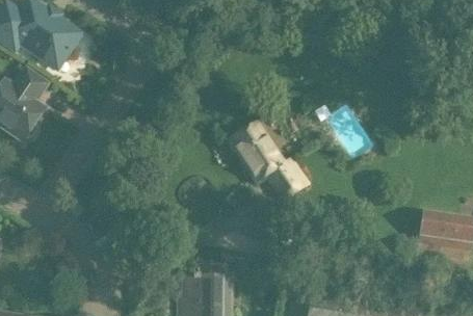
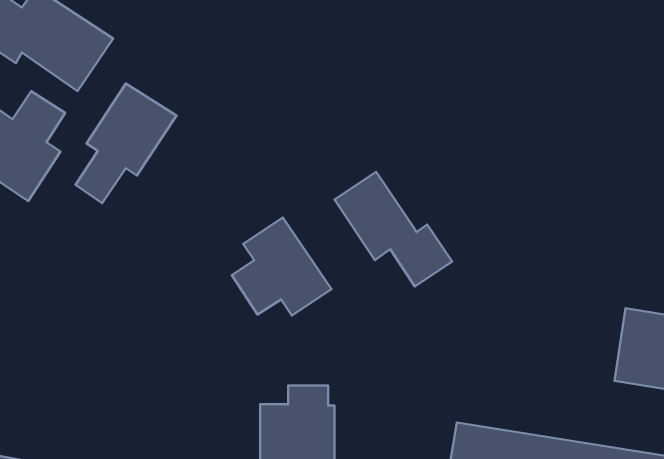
building: none -> [76,84,176,203]
building: none -> [232,218,331,316]

